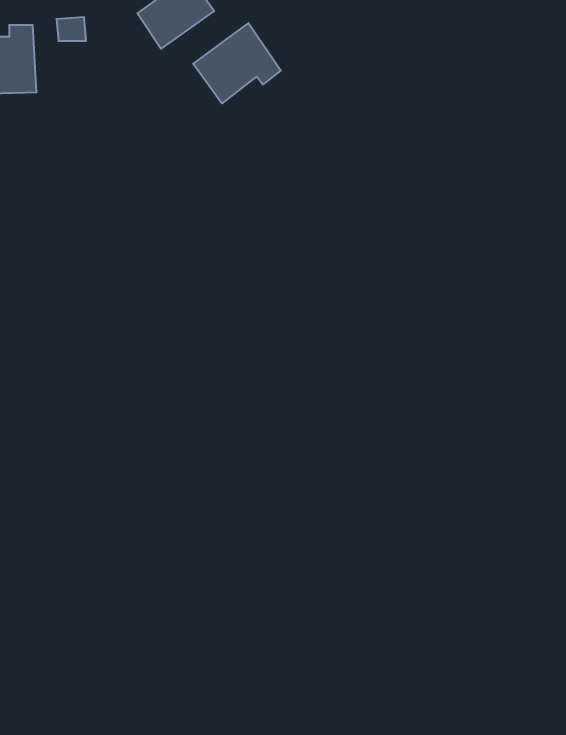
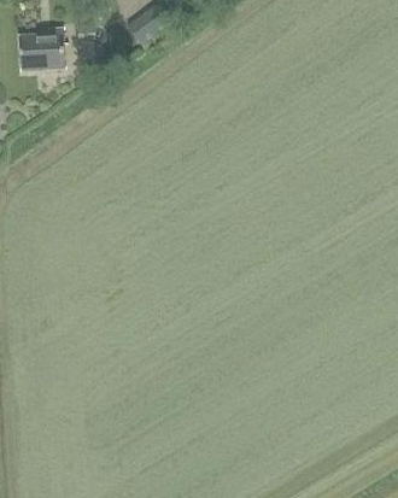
building: [193,23,281,103] -> none

